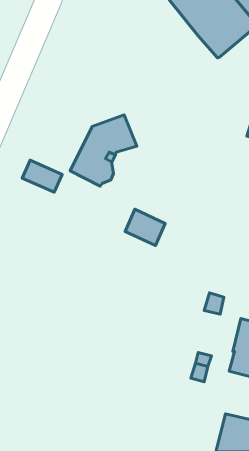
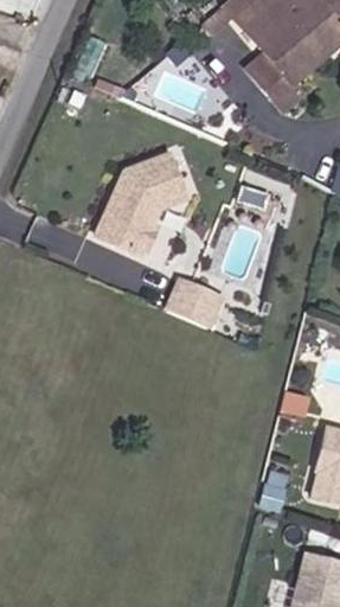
building: none -> [246,51,306,109]

